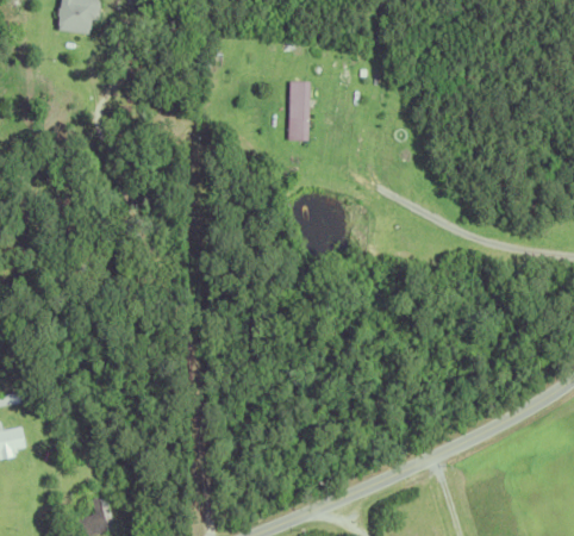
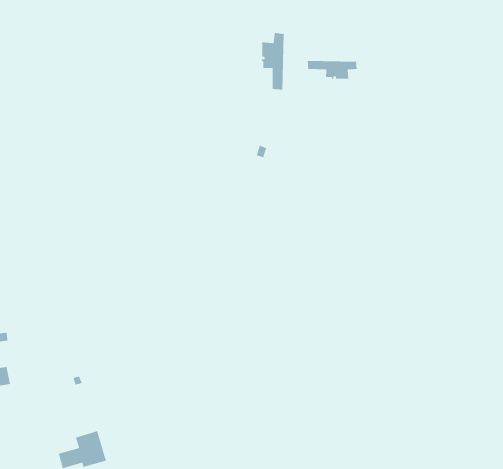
building: none -> [307,60,357,80]

